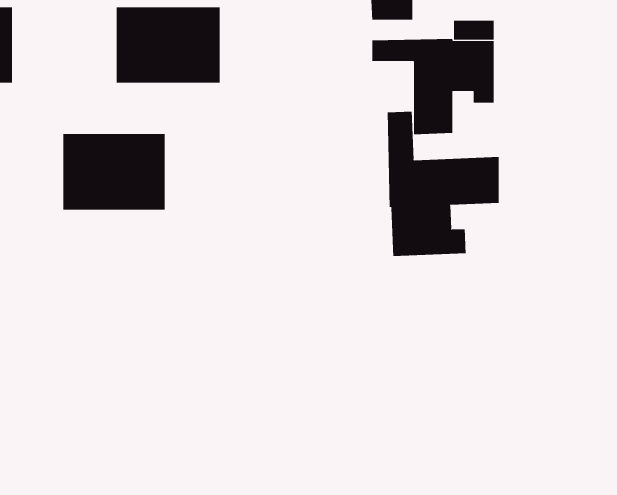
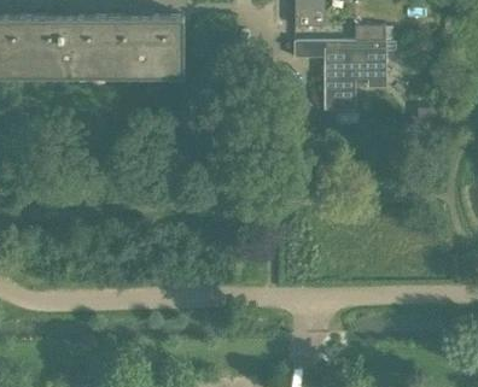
building: [387,111,499,257] -> none
building: [63,134,166,210] -> [34,18,109,74]

